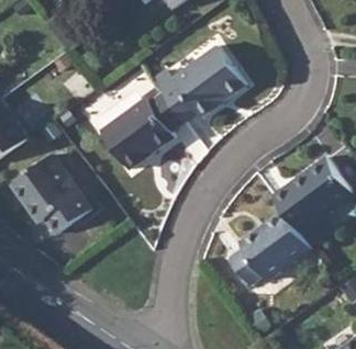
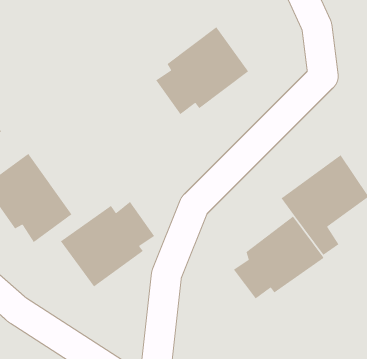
building: [101,92,185,168] -> [60,201,155,288]

